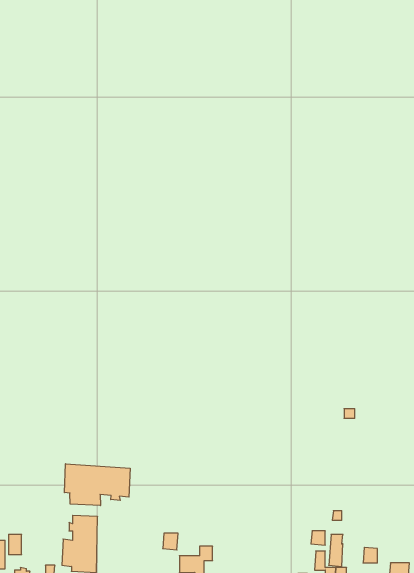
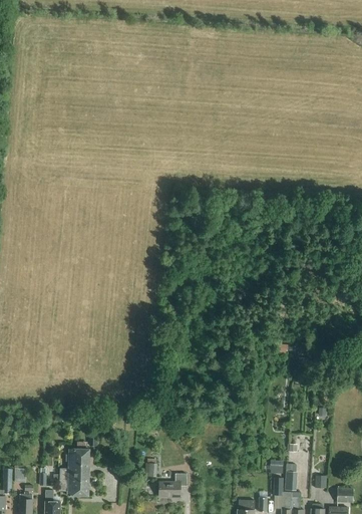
building: [64,464,130,506] -> none

